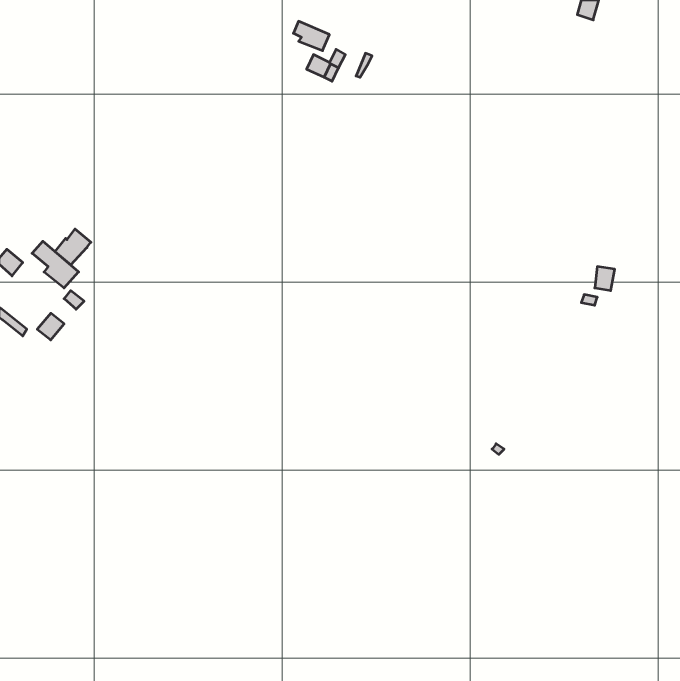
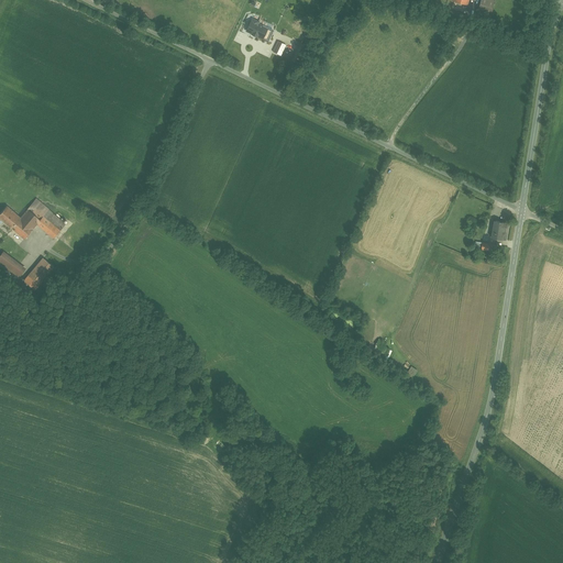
building: [55,229,91,265] -> [10,209,40,239]

